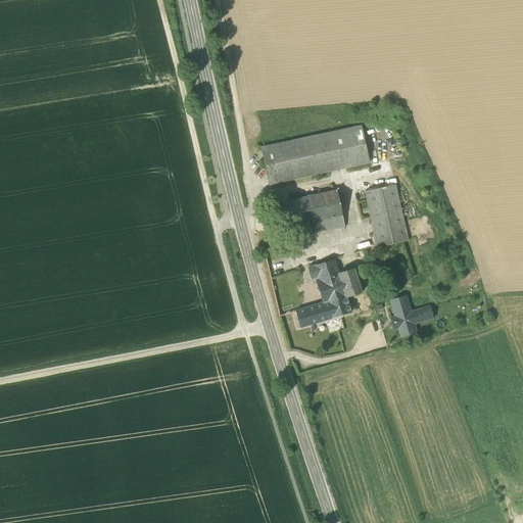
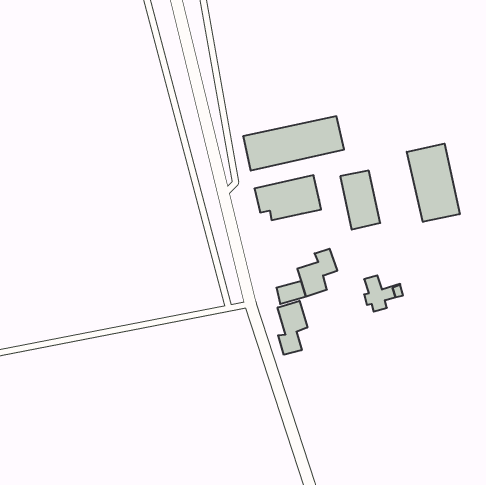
building: none -> [407,144,460,222]
building: [310,257,342,288] -> none
building: none -> [278,301,307,355]

